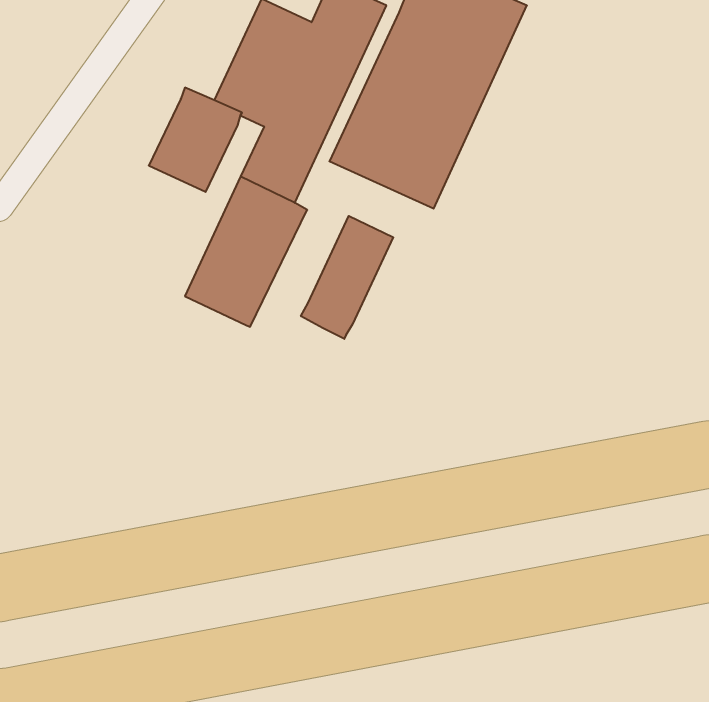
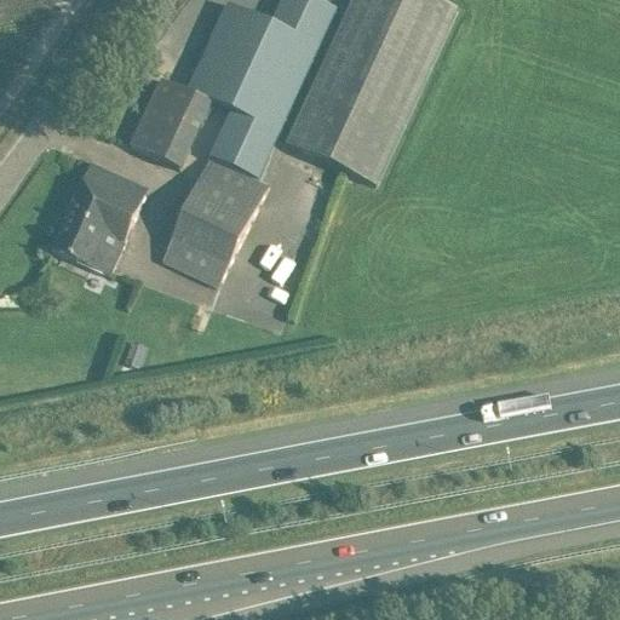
building: none -> [51,160,148,274]
building: [301,216,393,339] -> none

